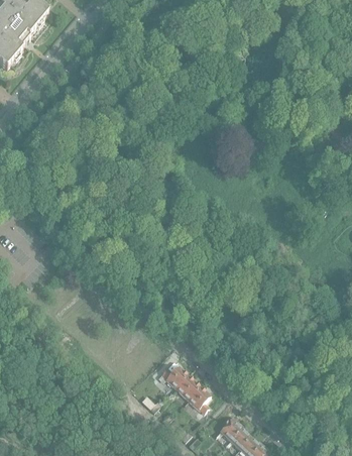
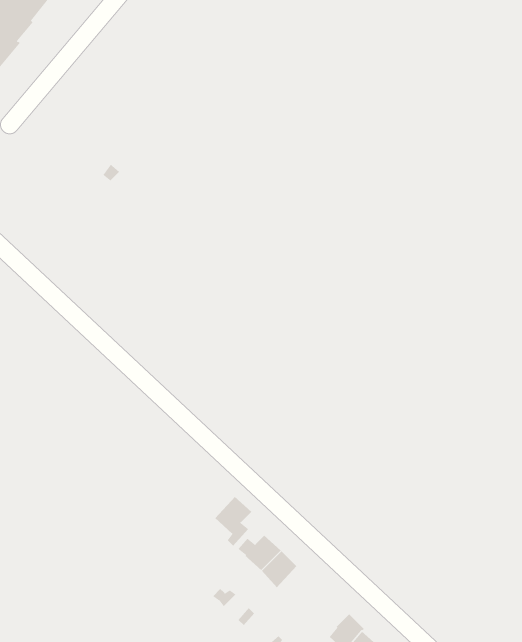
building: [186,382,210,415] -> [214,496,252,546]

